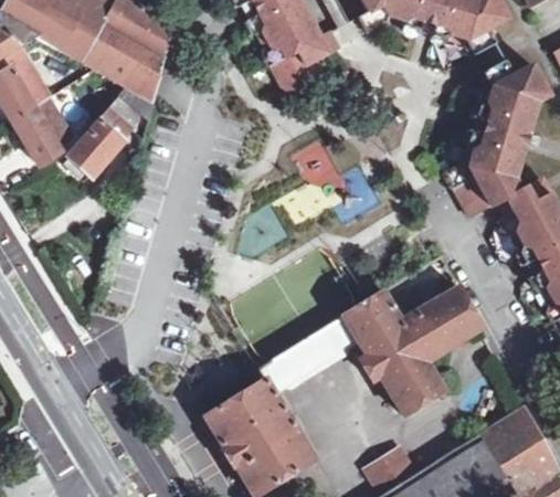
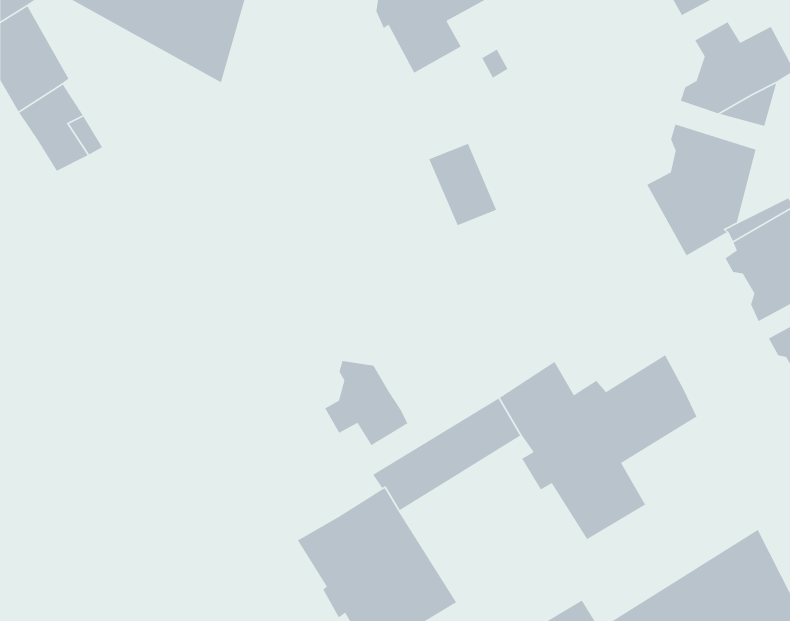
building: [70,95,150,176] -> none
building: none -> [324,360,408,446]

